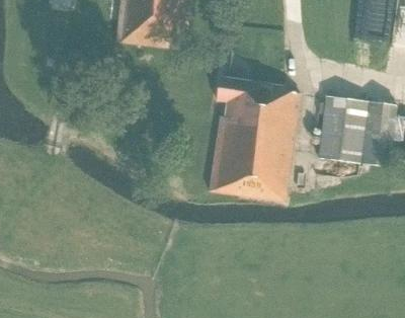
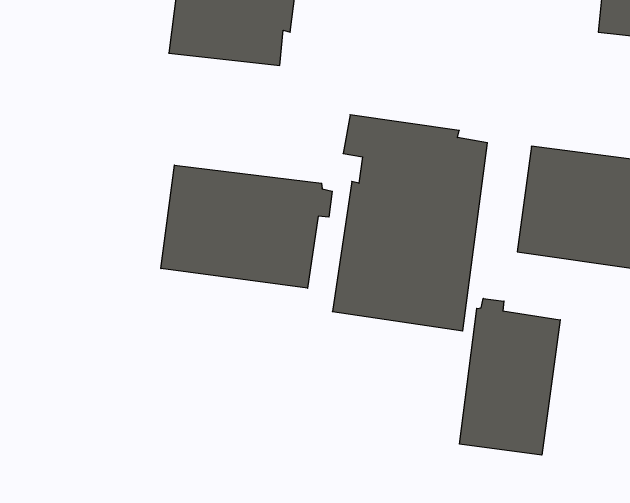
building: none -> [161,165,332,288]
building: none -> [460,298,560,455]

